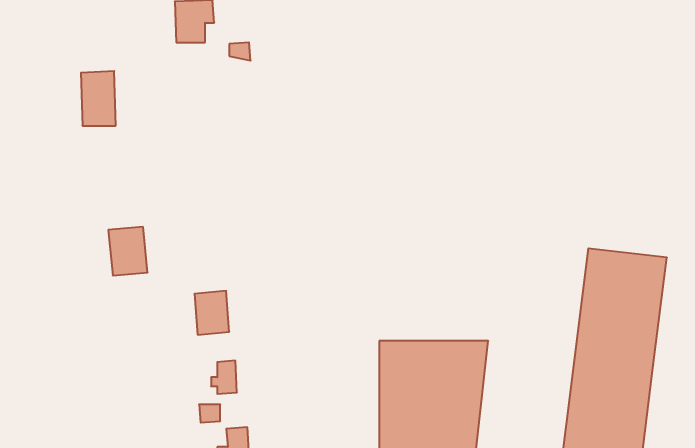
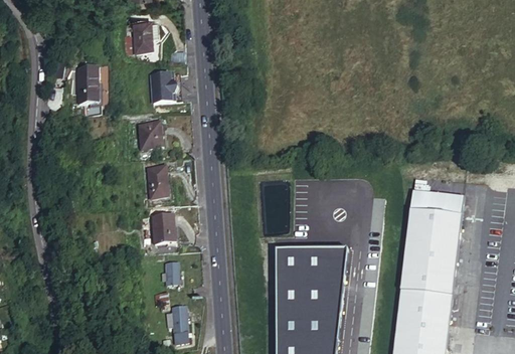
building: none -> [154,73,181,102]
building: none -> [139,114,164,149]
building: [108,227,148,275] -> [145,165,171,197]

